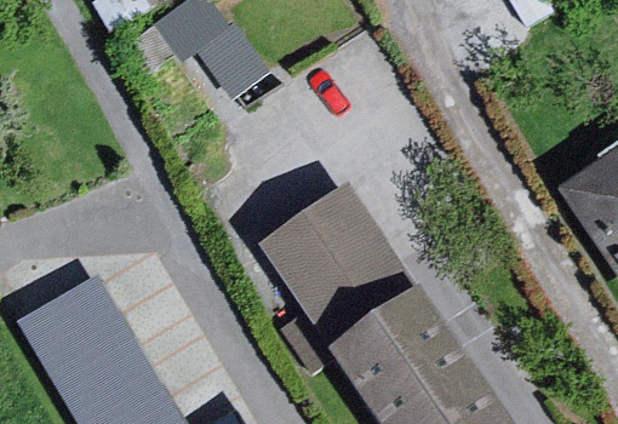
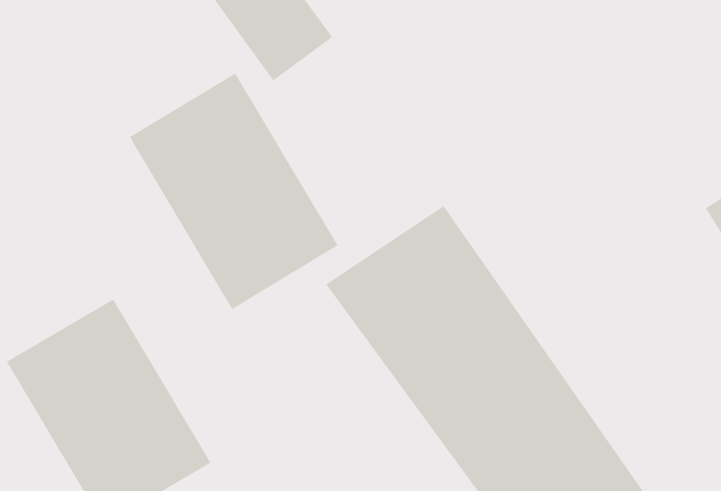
building: none -> [129,72,339,310]

